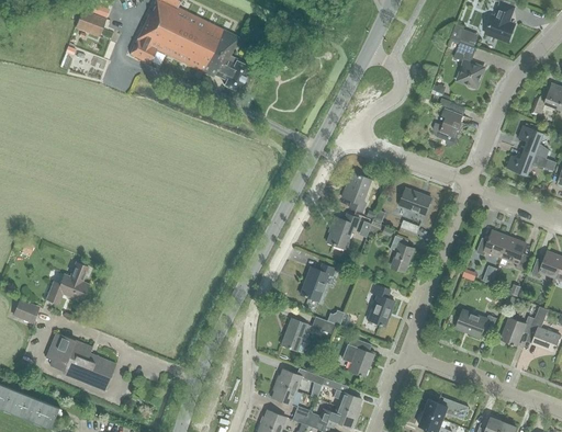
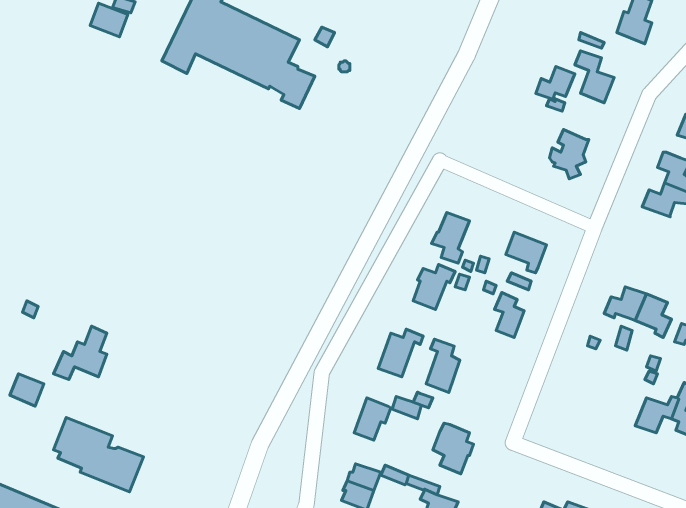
building: none -> [536,66,575,99]
building: [368,284,394,326] -> [426,339,460,392]
building: [456,309,496,337] -> none

